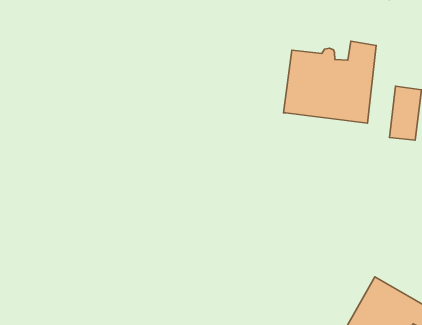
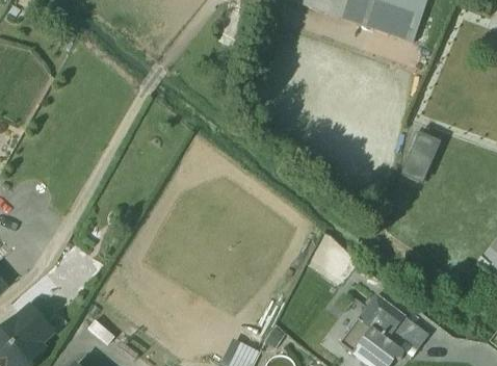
building: [284,41,376,123] -> none

